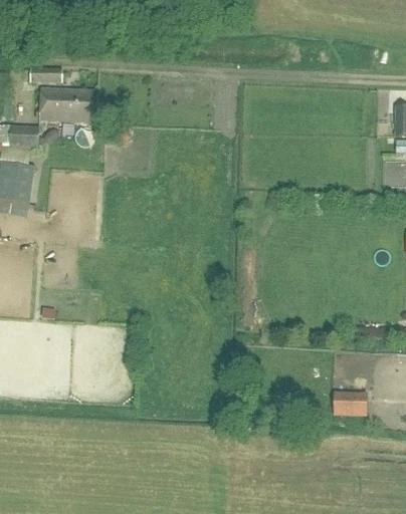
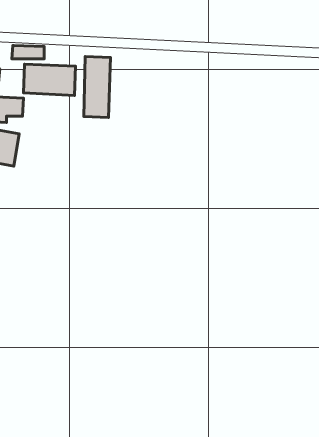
building: none -> [84,56,111,118]
building: [332,389,366,412] -> none

